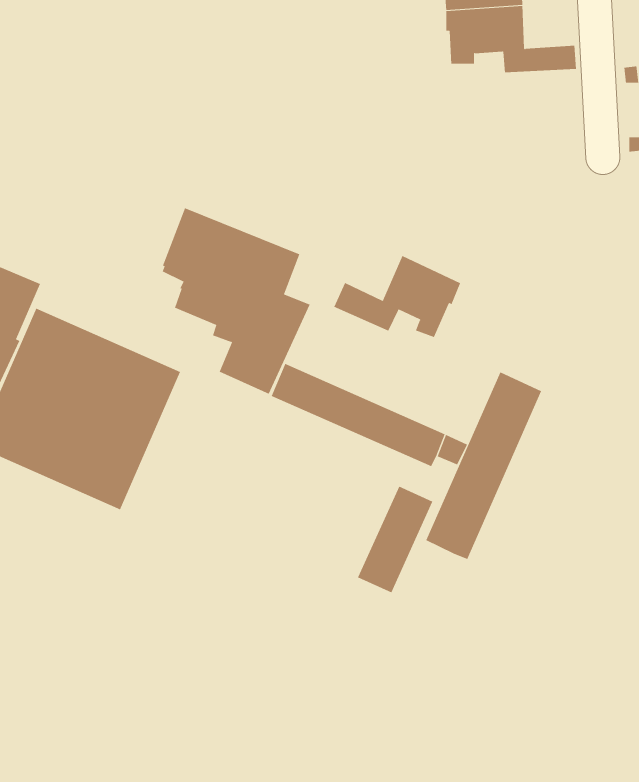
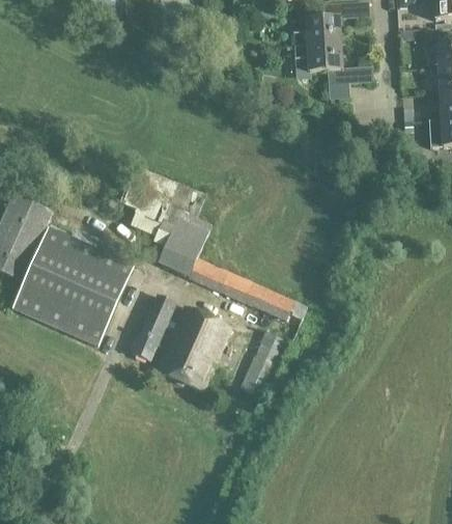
building: [333,255,461,338] -> none
building: [426,372,542,560] -> none
building: none -> [131,295,230,390]

